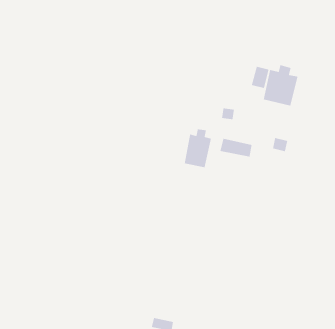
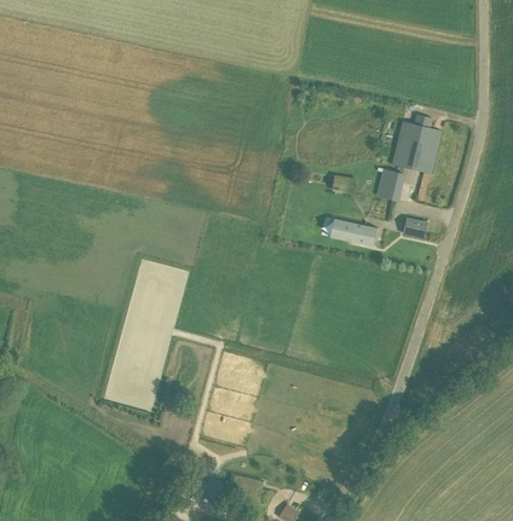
building: [251,66,270,89] -> [380,166,407,198]
building: [184,128,212,168] -> none

